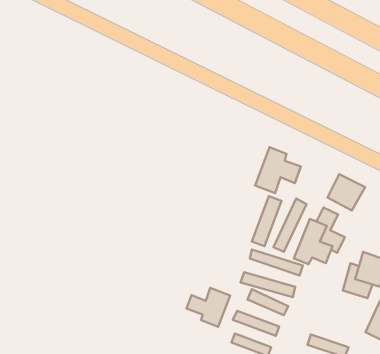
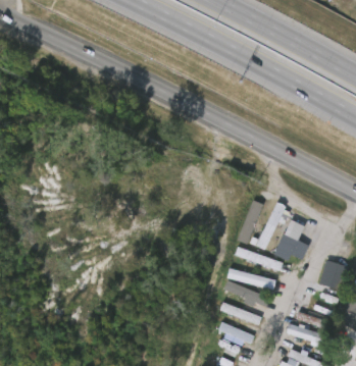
building: [255,147,301,193] -> none
building: [327,174,365,211] -> none
building: [187,288,230,327] -> none

